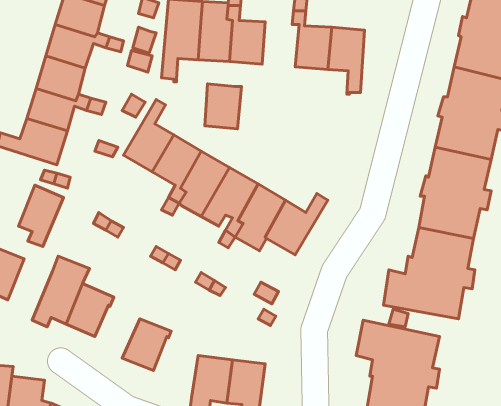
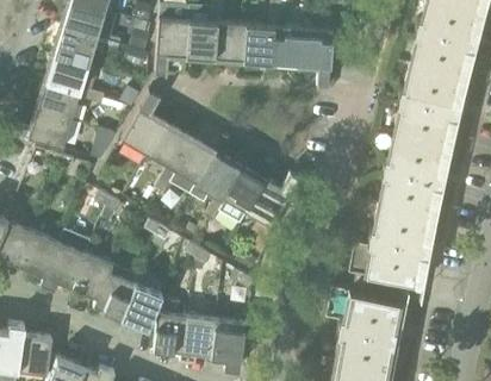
building: [205,84,242,129] -> [244,25,276,64]
building: [18,185,63,247] -> [21,232,61,286]
building: none -> [95,273,137,319]
building: none -> [149,300,188,354]

